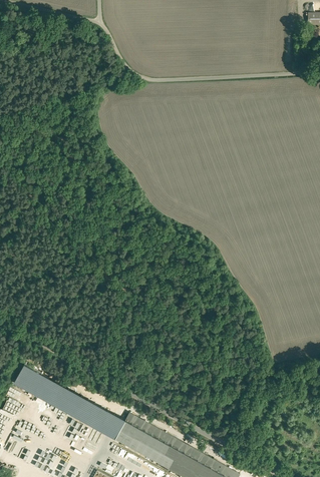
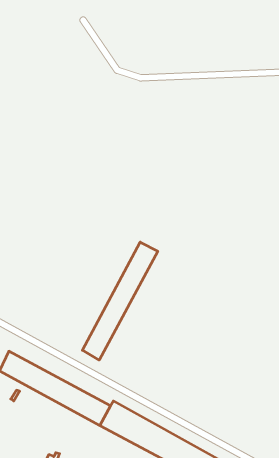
building: none -> [82,242,158,360]

